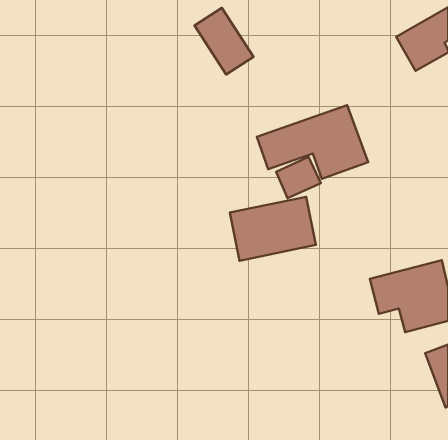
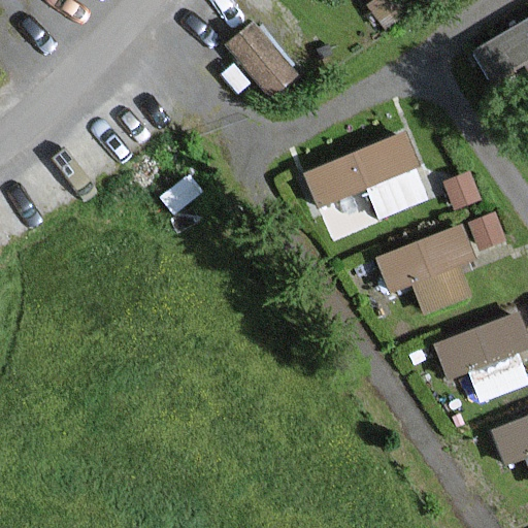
building: [230,197,316,261] -> [376,231,477,306]

